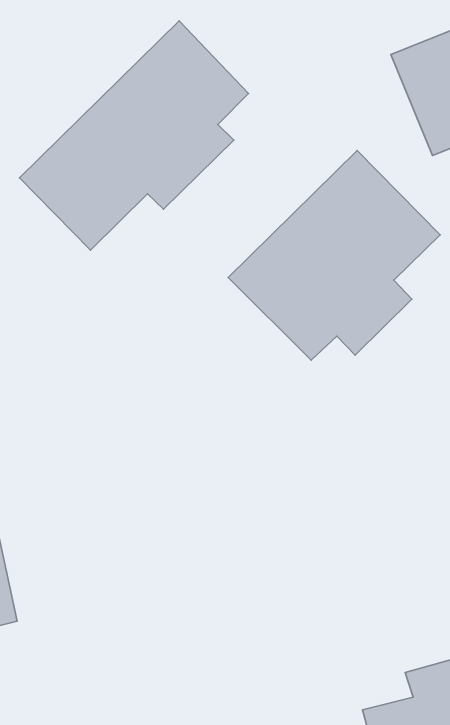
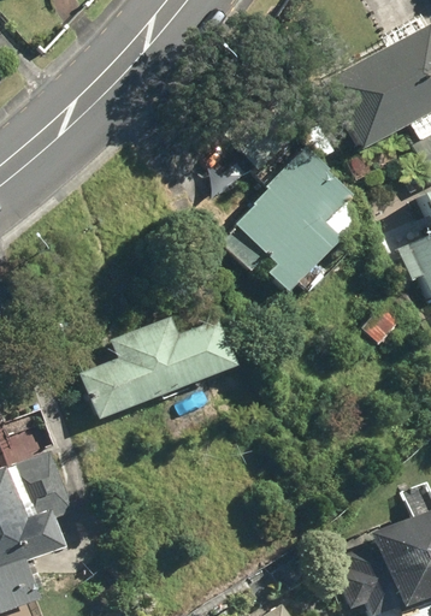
building: [20,21,248,250] -> none
building: none -> [75,312,232,421]

